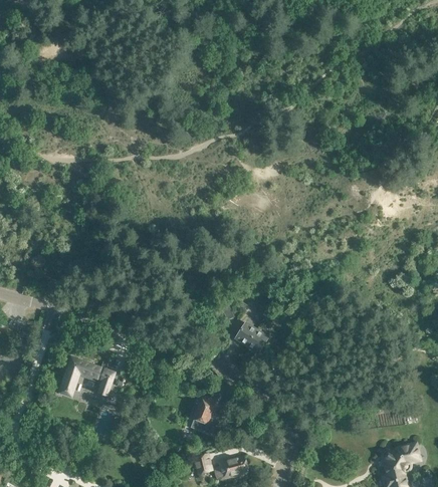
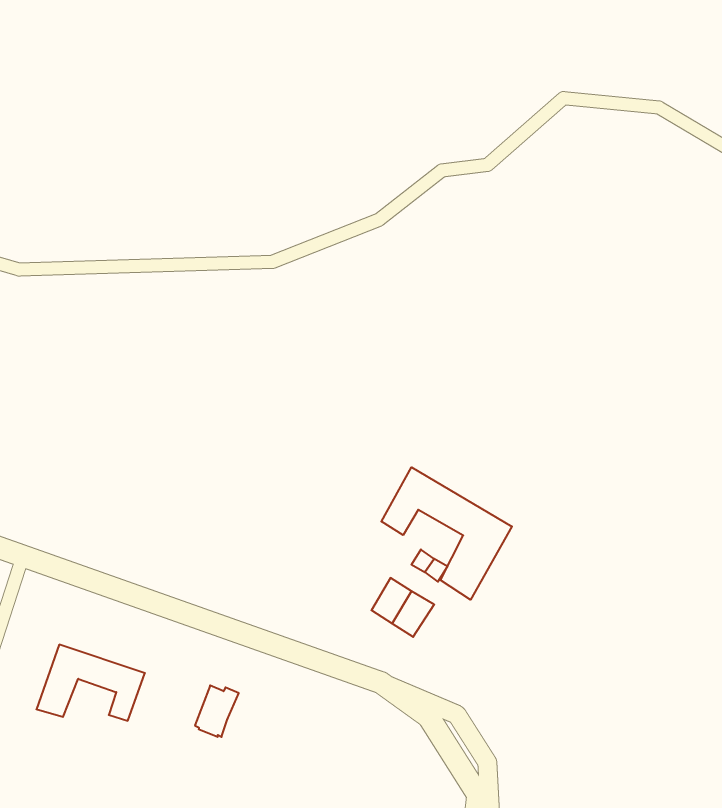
building: none -> [381,467,512,600]
building: [193,397,216,424] -> [195,685,239,737]

